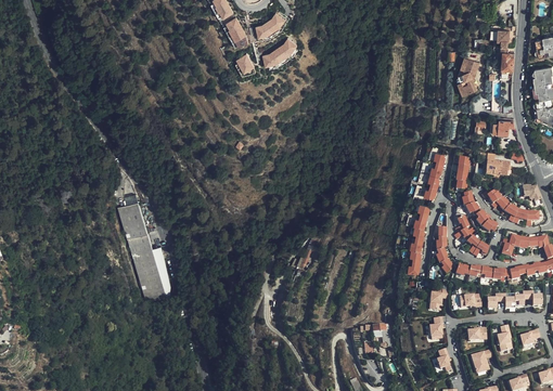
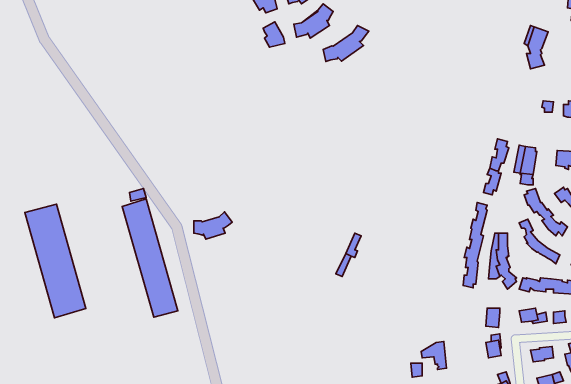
building: none -> [323,25,369,61]
building: none -> [25,204,86,318]
building: none -> [194,212,232,239]

